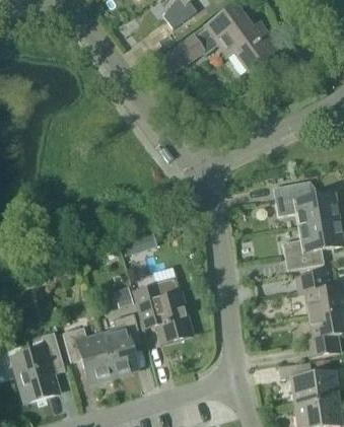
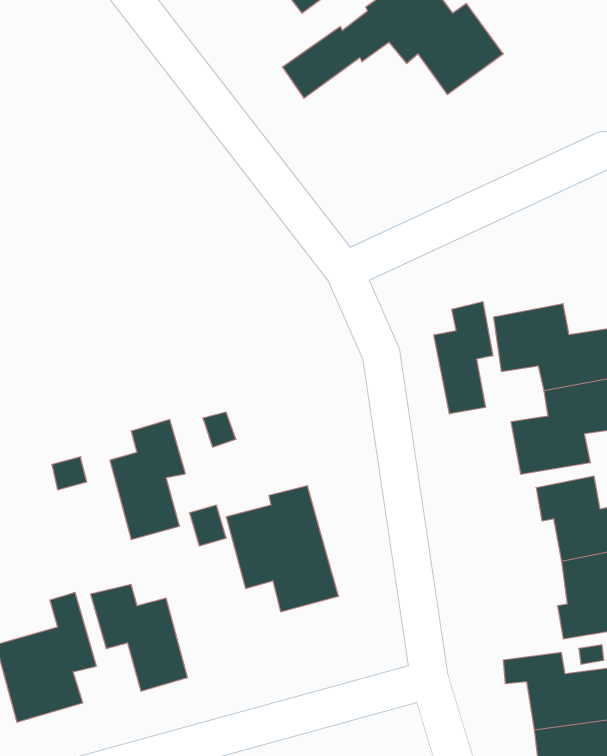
building: none -> [434,302,493,414]
building: [102,313,142,376] -> [110,420,185,540]

